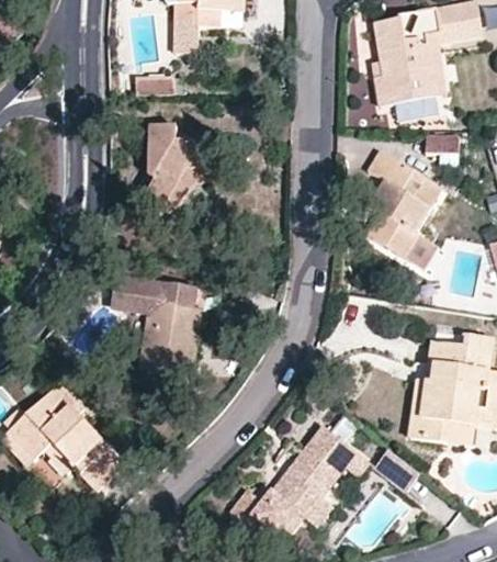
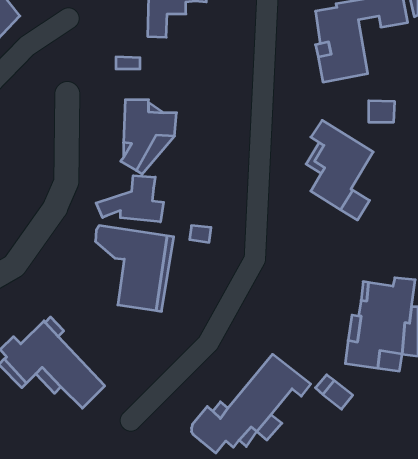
building: [423,27,450,95] -> none
building: none -> [96,176,164,222]

